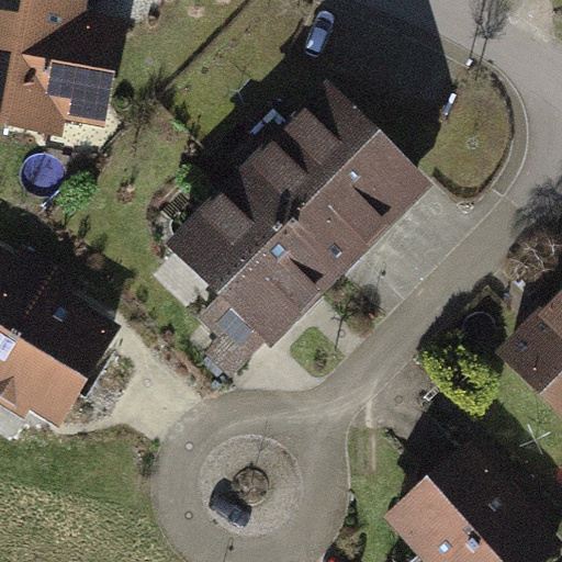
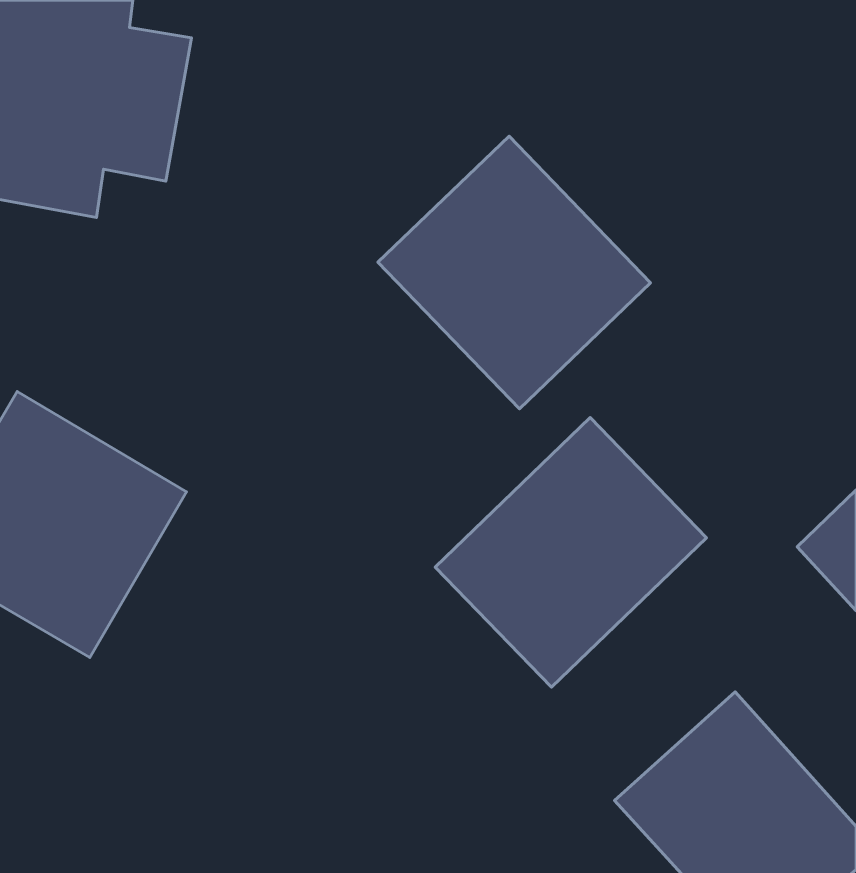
building: [166,172,330,337] -> none
building: none -> [435,418,707,687]

